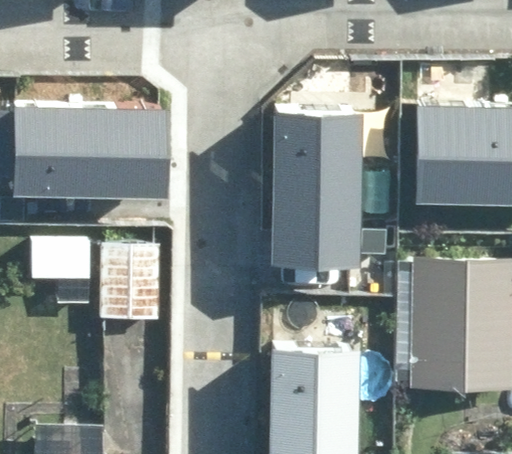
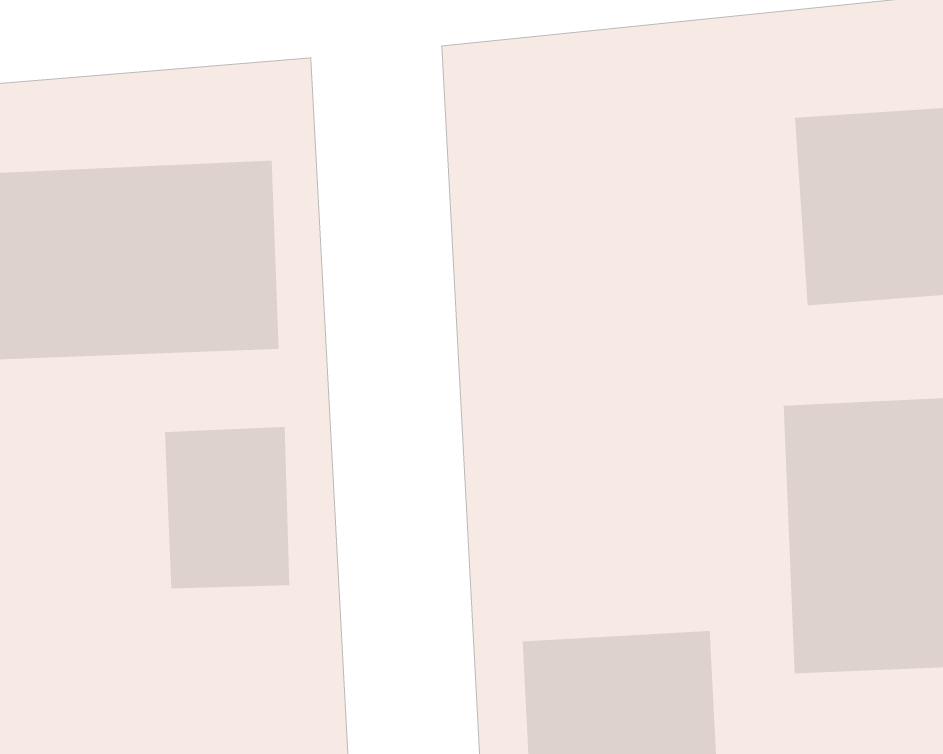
building: [273,118,370,270] -> none

